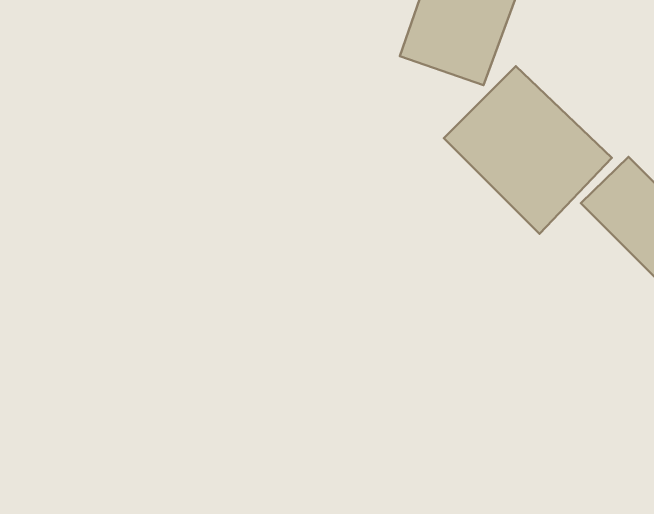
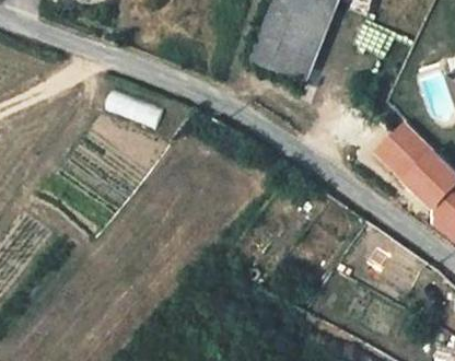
building: [444,66,612,234] -> none

